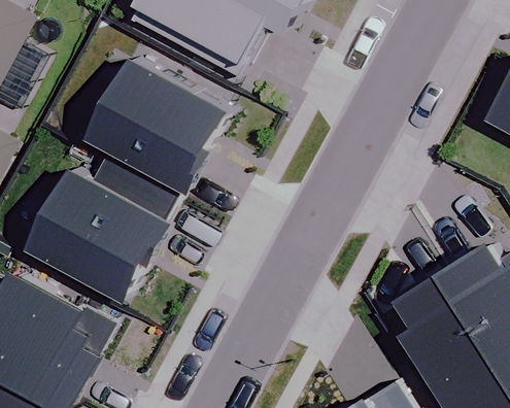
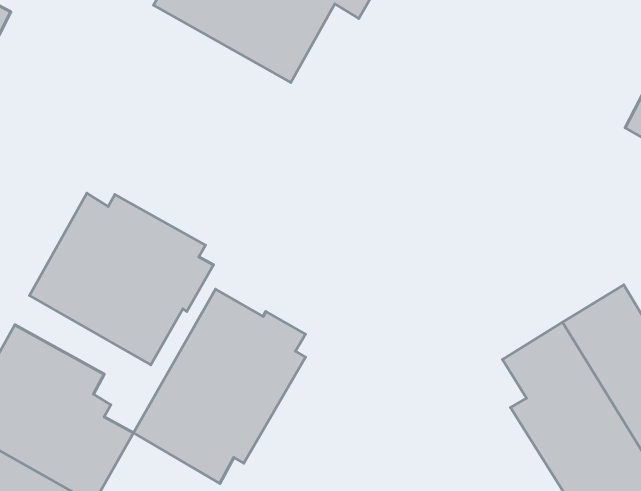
building: [95,50,238,202] -> none
building: none -> [134,289,306,484]

